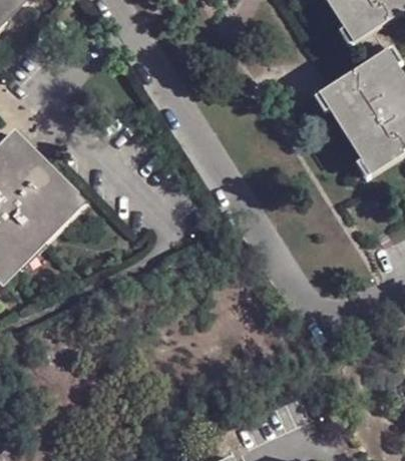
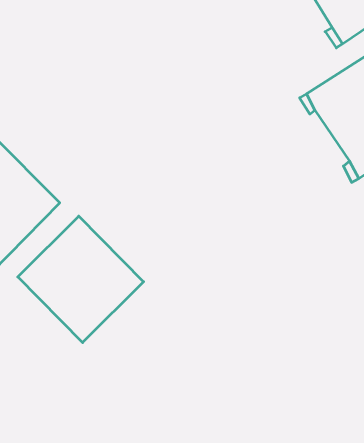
building: none -> [18,216,144,343]

